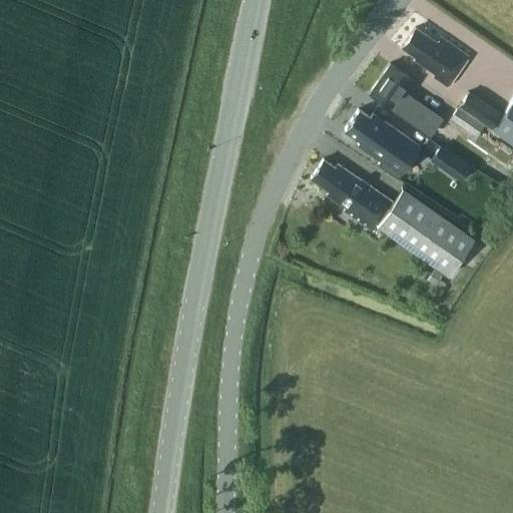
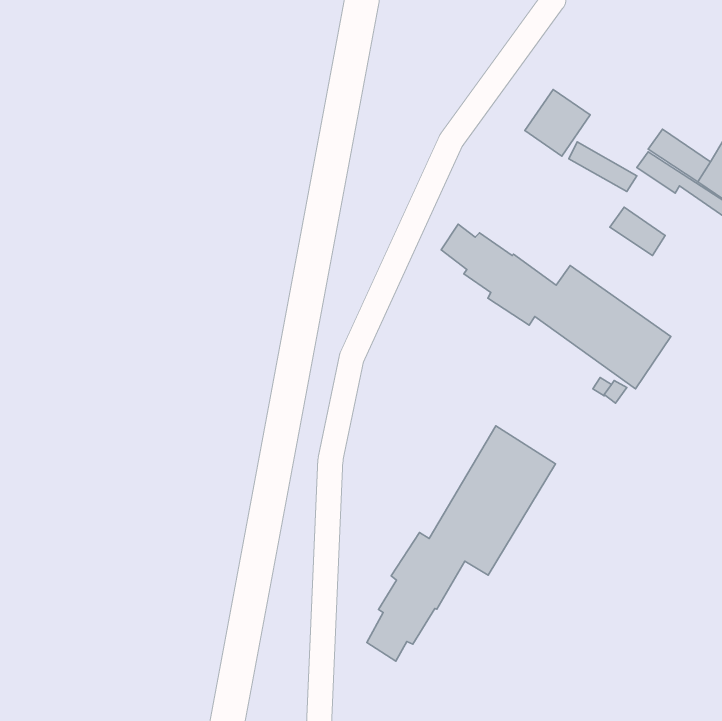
building: [405,30,471,89] -> none
building: [346,111,423,181] -> none
building: none -> [367,426,555,661]

